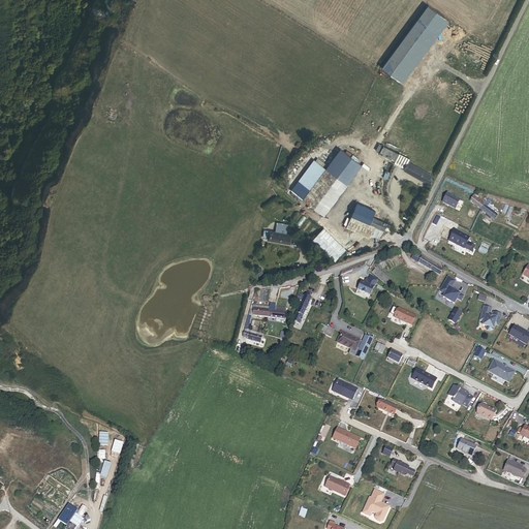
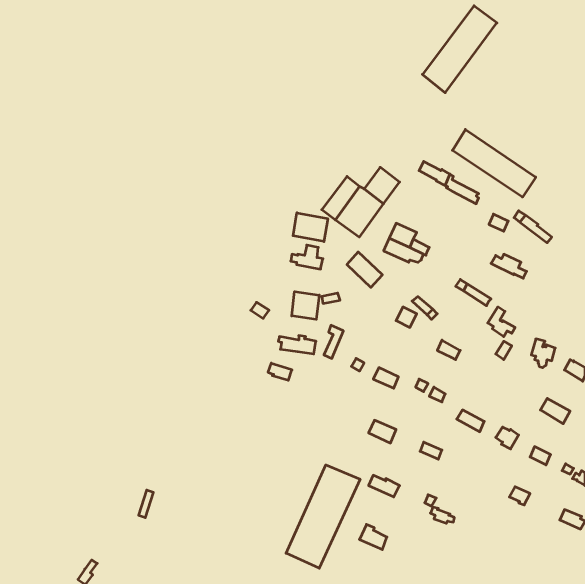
building: none -> [452,129,536,197]
building: none -> [293,213,328,242]
building: none -> [292,292,319,319]
building: none -> [286,465,360,568]
building: [364,490,390,521] -> none

